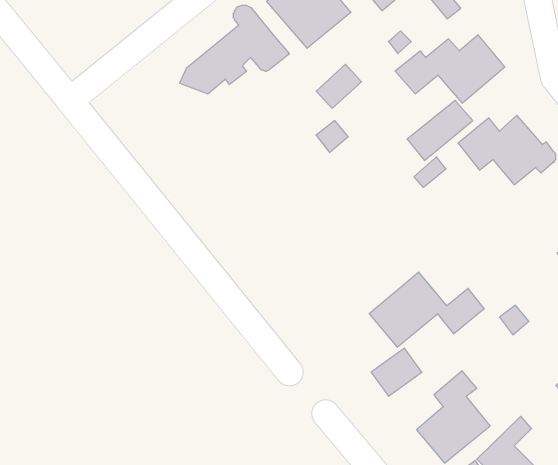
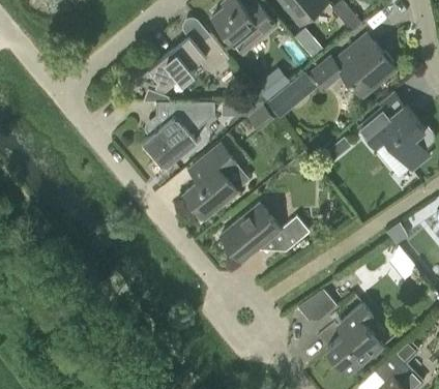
building: [407,100,473,161] -> [267,72,318,119]
building: none -> [143,103,214,166]
building: none -> [185,145,238,218]
building: [369,272,484,347] -> [221,205,310,263]

